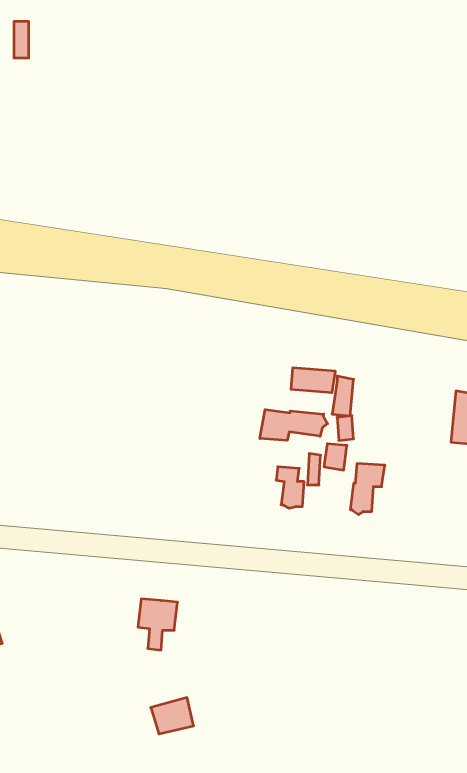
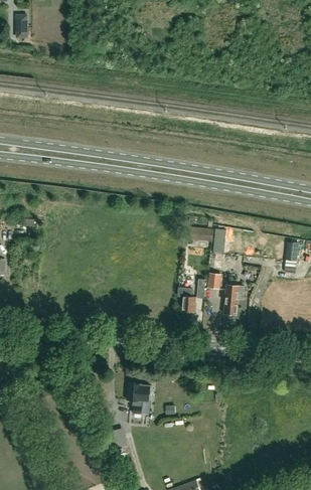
building: [260,410,328,440] -> none
building: [138,599,178,650] -> [127,382,151,414]

